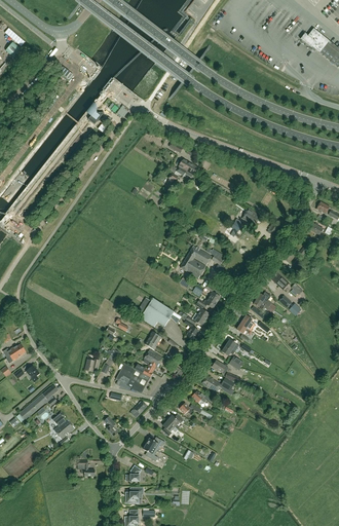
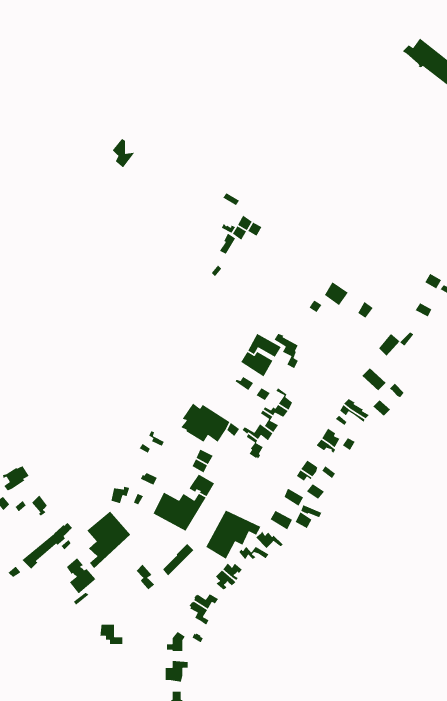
building: none -> [205,509,262,560]
building: none -> [86,510,131,569]

